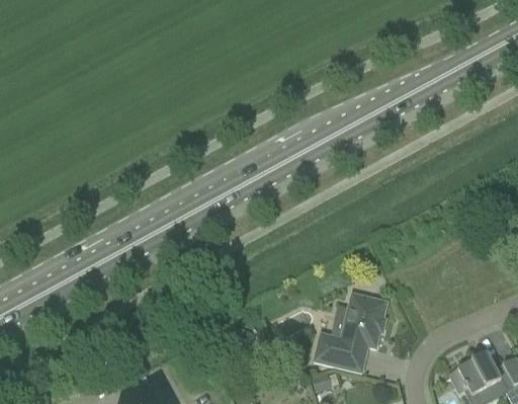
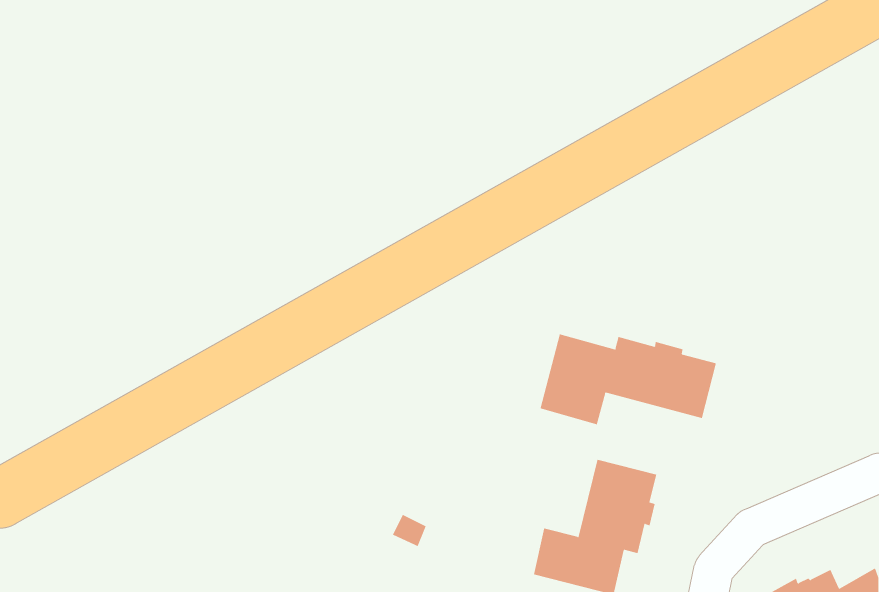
building: none -> [540,334,717,425]

